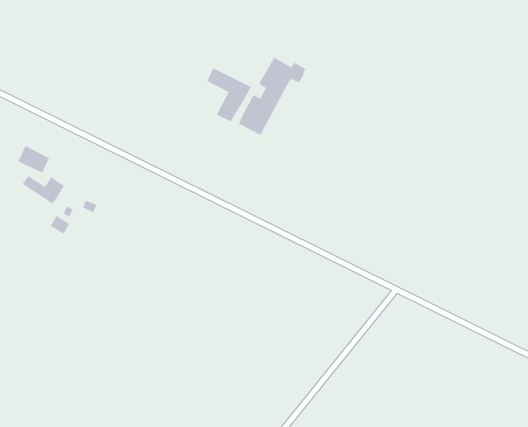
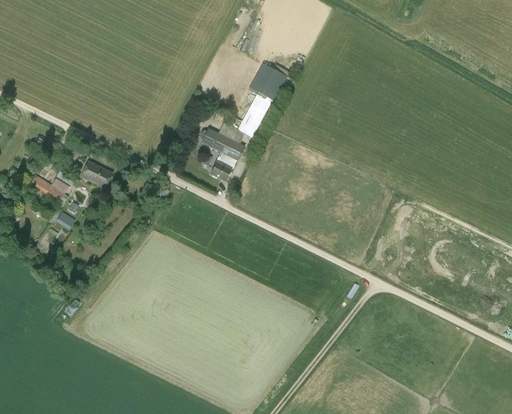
building: [206,67,252,122] -> [201,128,243,179]
building: [18,145,50,173] -> [80,160,110,186]

